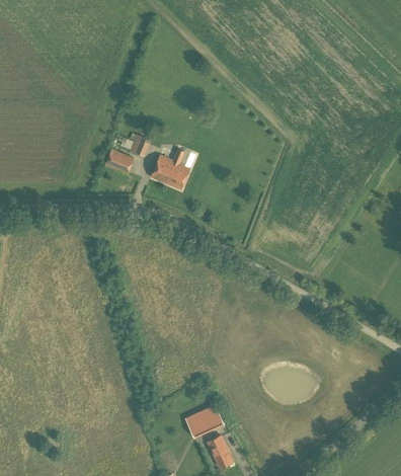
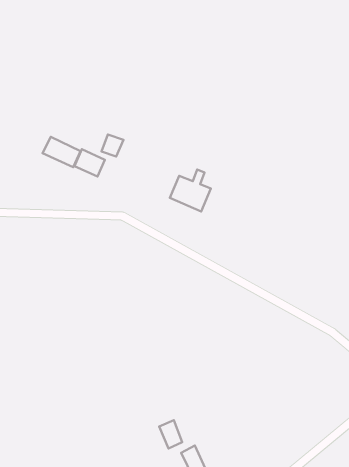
building: none -> [42,137,81,167]
building: [150,149,189,189] -> [170,170,211,211]

